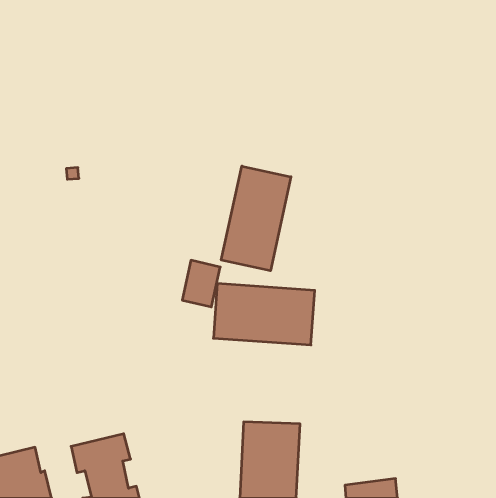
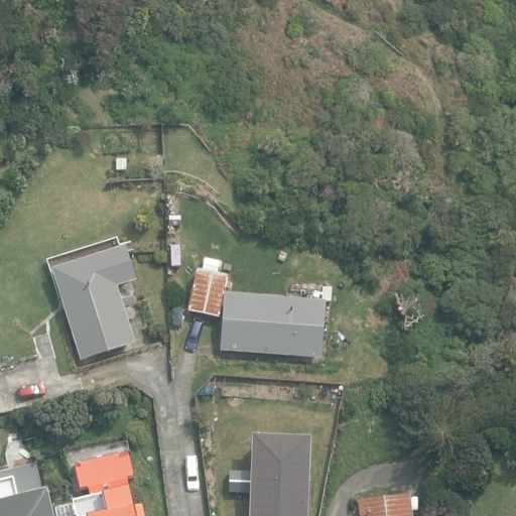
building: [221,166,291,271] -> none
building: none -> [51,246,136,360]

